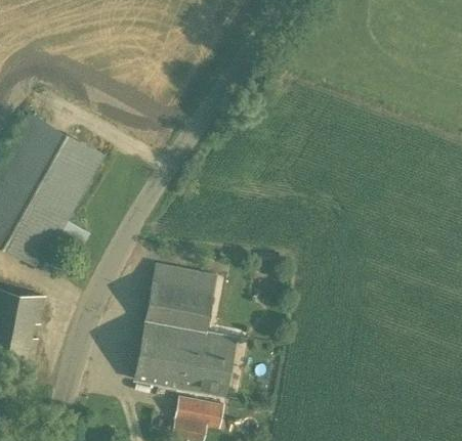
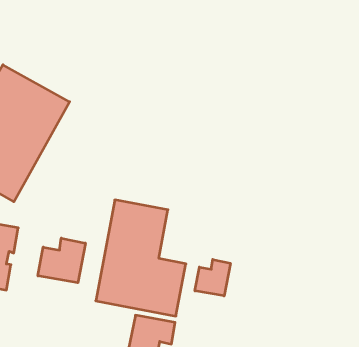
building: none -> [38,238,85,283]
building: none -> [195,259,230,296]

